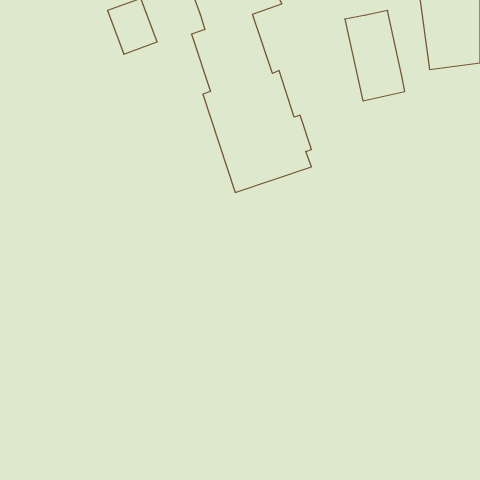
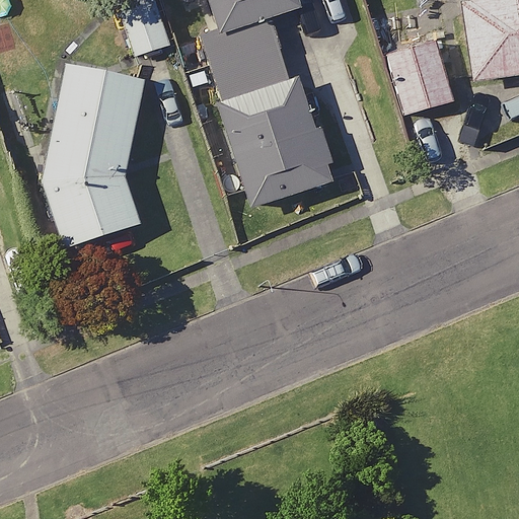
building: none -> [47,67,145,248]

